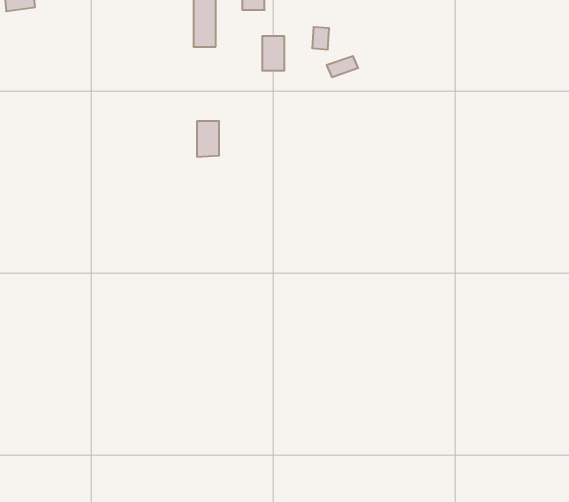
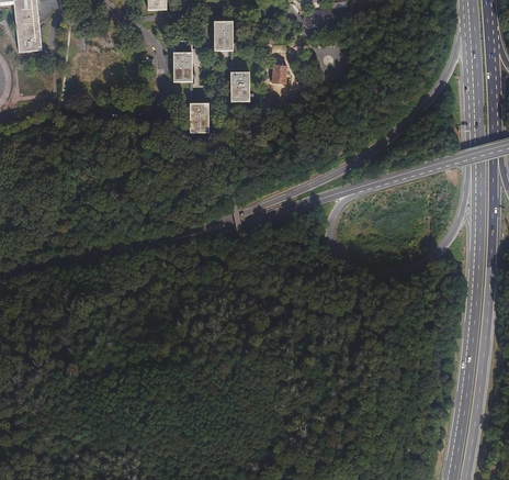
building: [197,121,219,157] -> [190,103,208,133]

